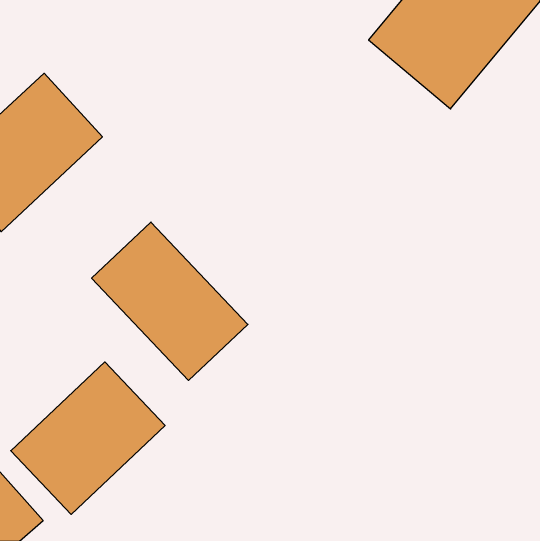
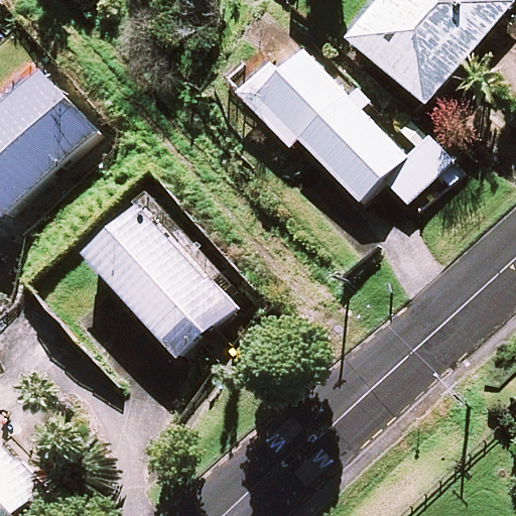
building: none -> [235,37,448,200]
building: [11,362,165,514] -> none

